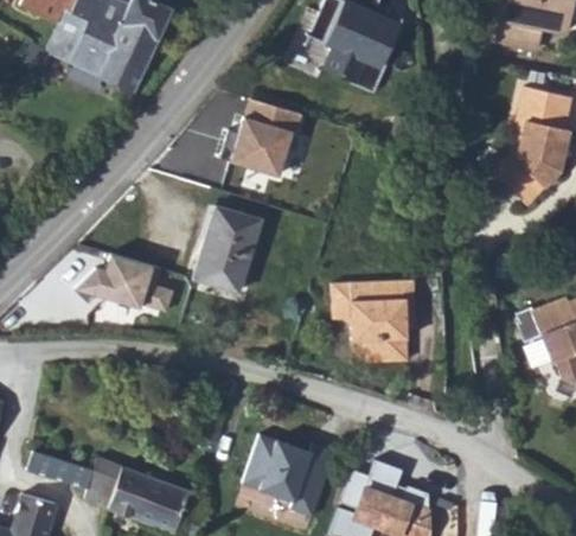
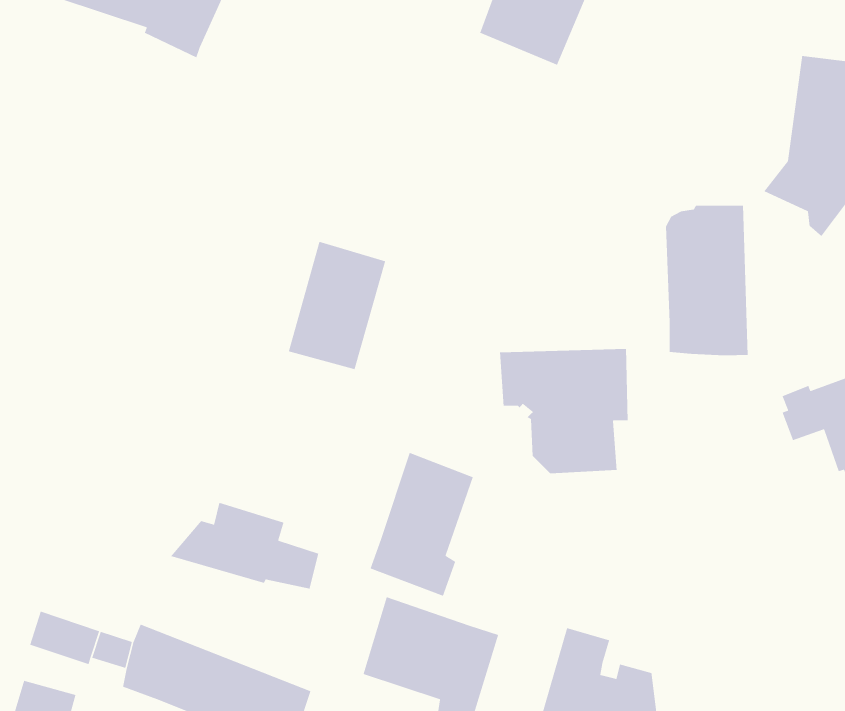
building: [238,102,311,178] -> none
building: none -> [665,205,748,356]
building: [73,260,171,317] -> [170,502,319,589]
building: none -> [370,452,474,597]

